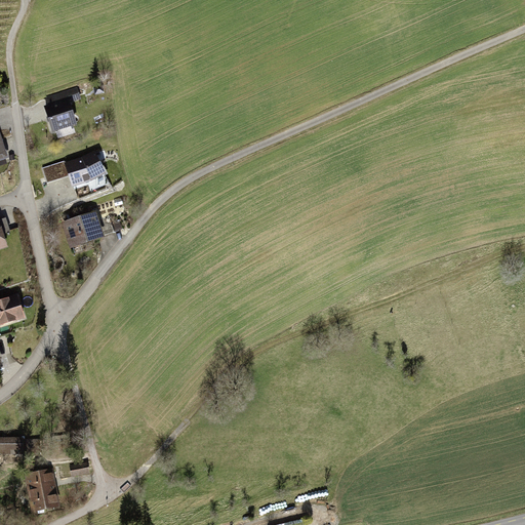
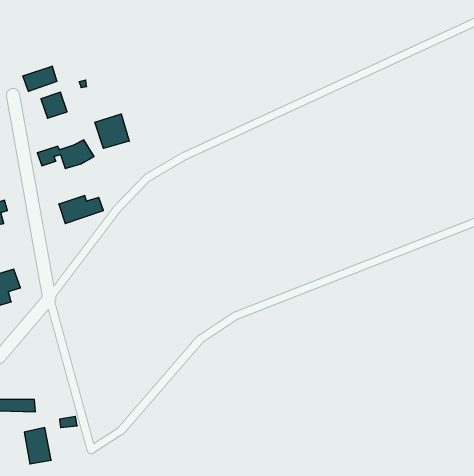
building: none -> [23,66,57,91]
building: none -> [95,114,129,148]

